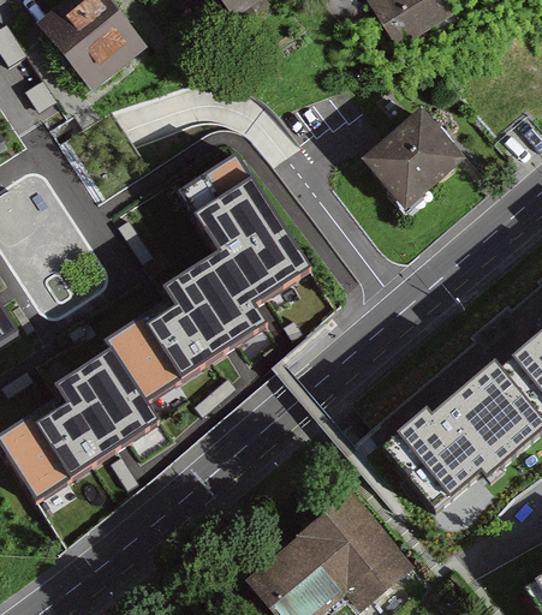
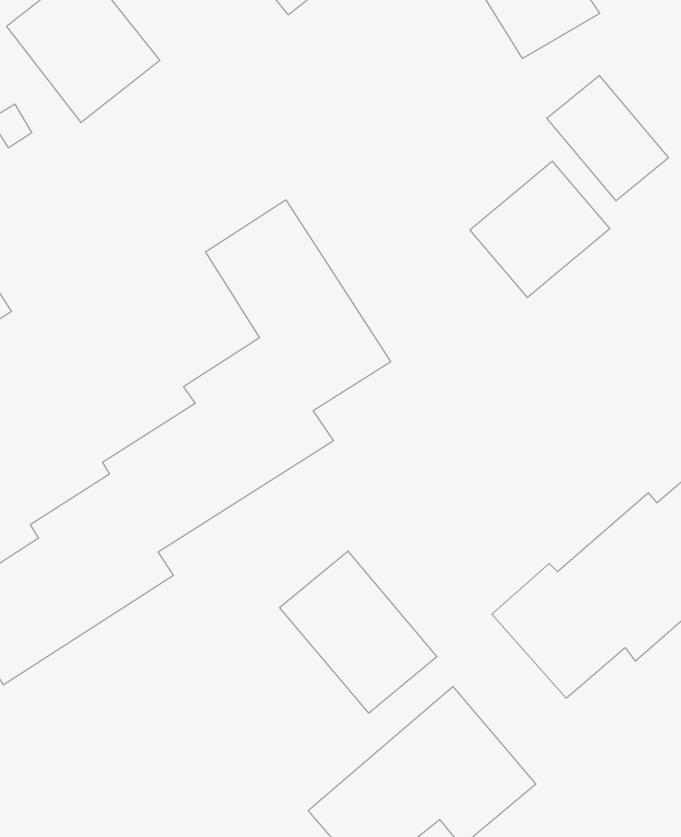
building: none -> [547,75,668,201]
building: none -> [280,551,437,713]

